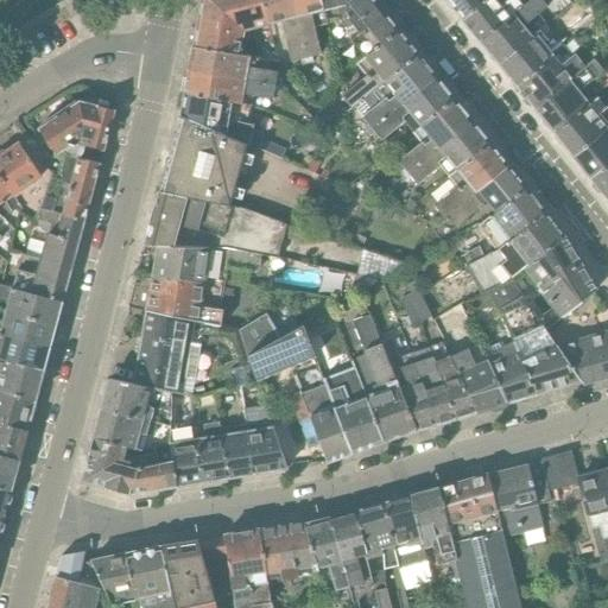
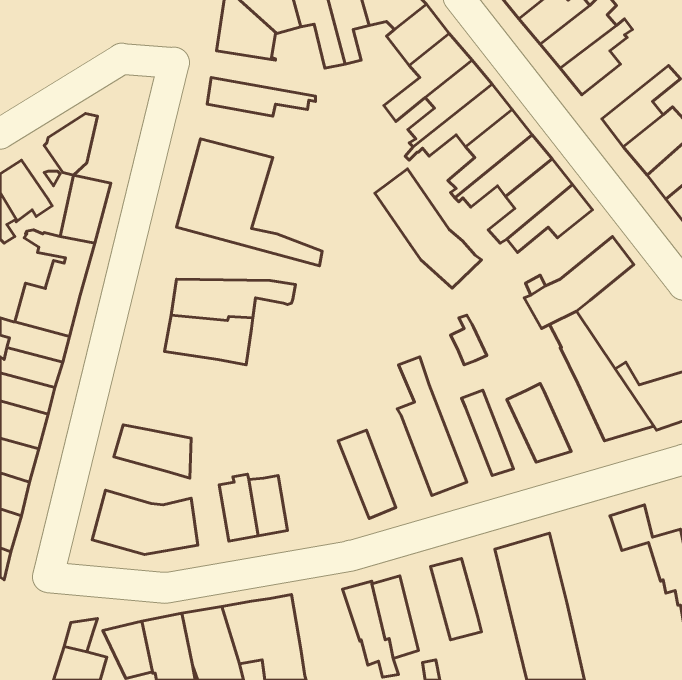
building: [189,45,284,86] -> none
building: [518,51,595,106] -> none
building: [179,93,265,148] -> none
building: [66,103,114,163] -> none
building: none -> [375,169,481,288]
building: [480,186,545,248] -> none
building: [146,202,285,256] -> none
building: [525,235,596,317] -> none
building: [135,312,203,393] -> none
building: [240,312,318,381] -> none
building: [382,338,438,429] -> none
building: [430,340,477,417] -> none
building: [484,341,538,401] -> none
building: [327,369,385,451] -> none
building: [246,403,289,471] -> none
building: [95,406,150,448] -> none
building: [171,420,204,484] -> none
building: [489,461,553,536] -> none
building: [411,488,460,577] -> none
building: [356,504,401,578] -> none
building: [260,521,321,578] -> none

